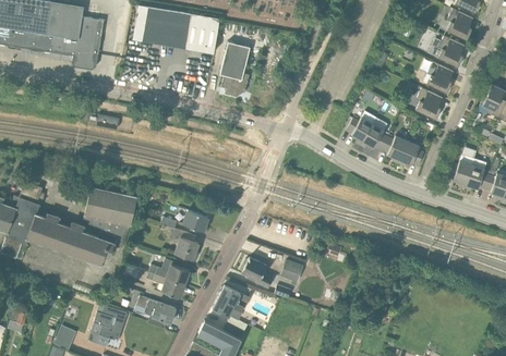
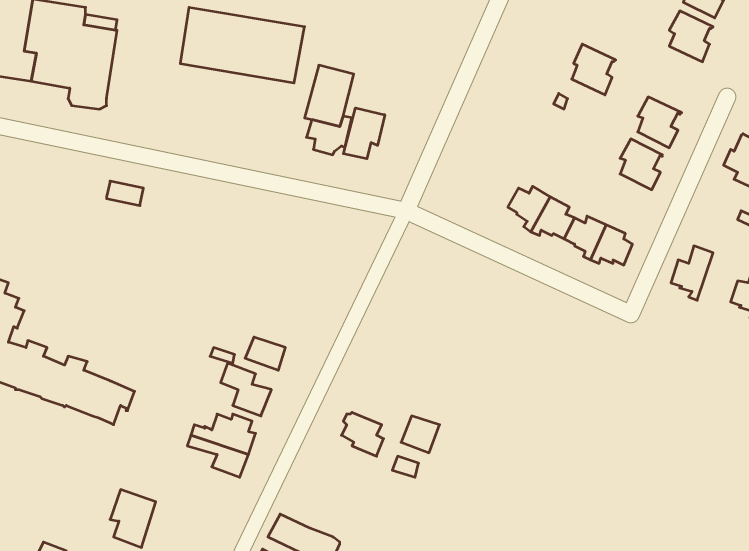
building: [437,36,465,67] -> [572,44,616,95]
building: none -> [343,108,385,159]
building: [463,159,489,191] -> none
building: [83,187,136,248] -> none
building: [213,285,249,339] -> none
building: [135,297,176,323] -> none

